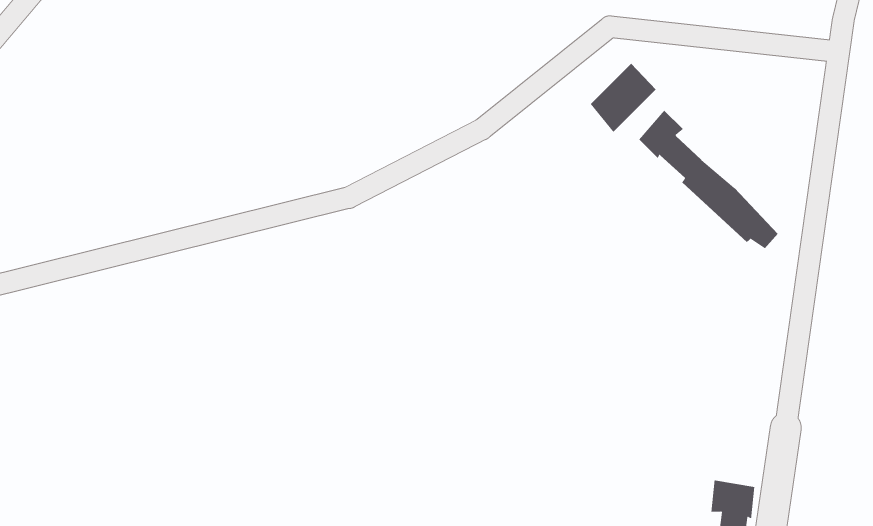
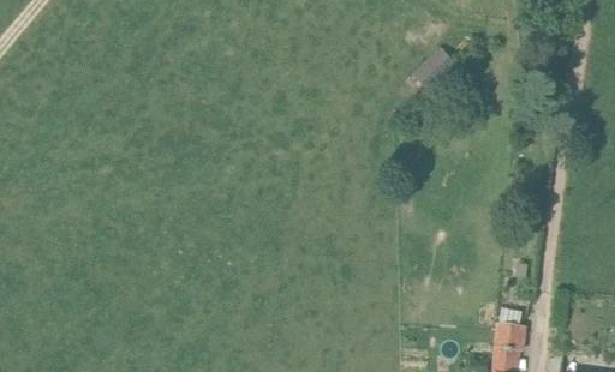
building: [638,110,779,249] -> none

